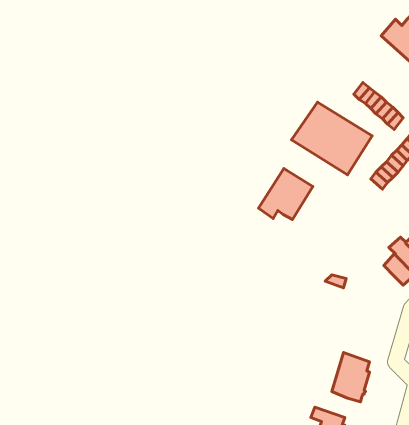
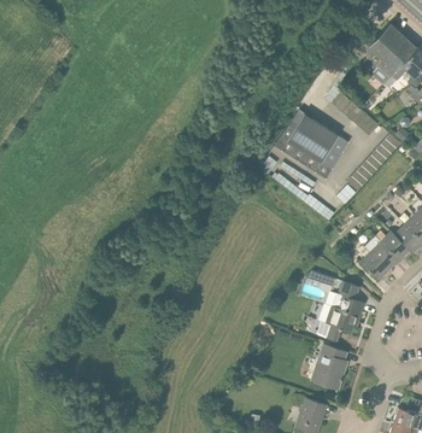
building: [259,169,313,219] -> none
building: none -> [316,281,364,341]

